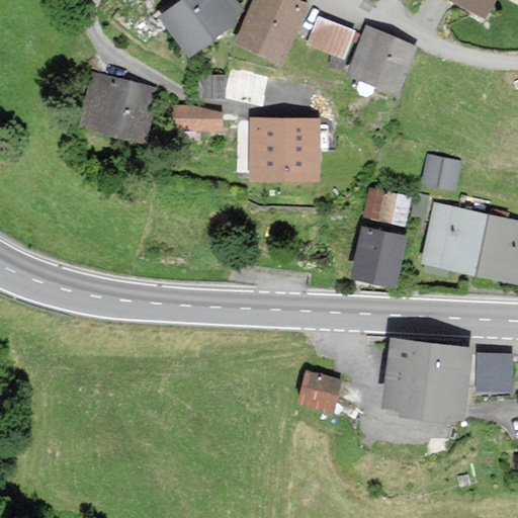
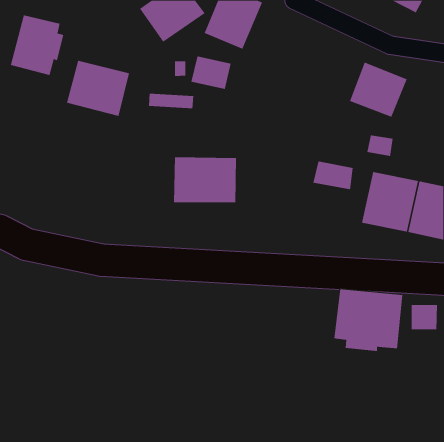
building: [306,18,353,57] -> none
building: none -> [10,15,64,76]
building: [348,29,416,94] -> [349,62,408,118]
building: [248,119,322,173] -> [173,157,237,203]
building: [350,226,407,282] -> none
building: [300,371,340,408] -> none

